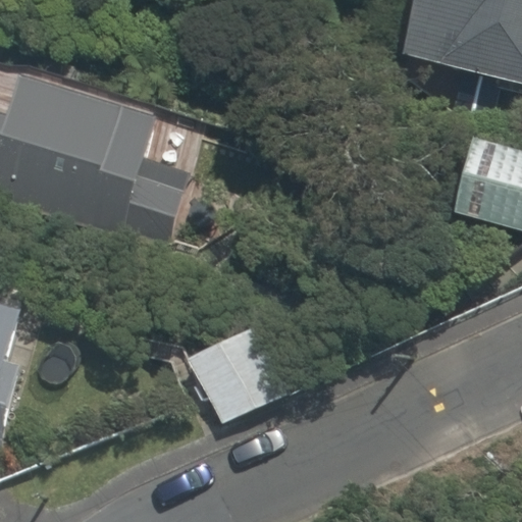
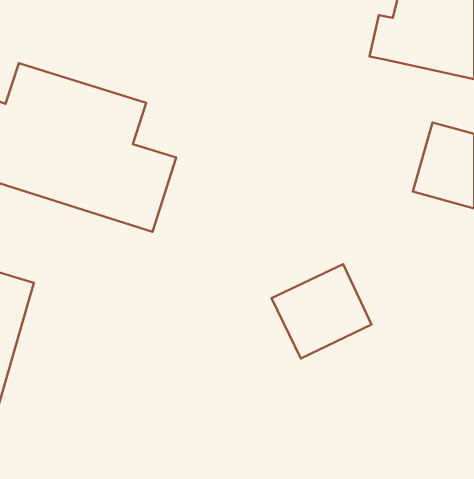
building: [191,321,299,423] -> [272,264,372,359]

